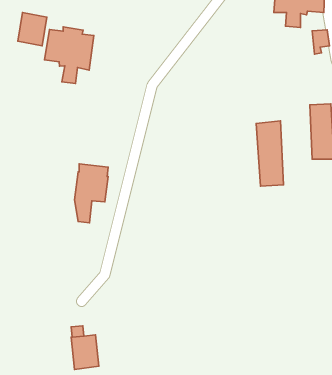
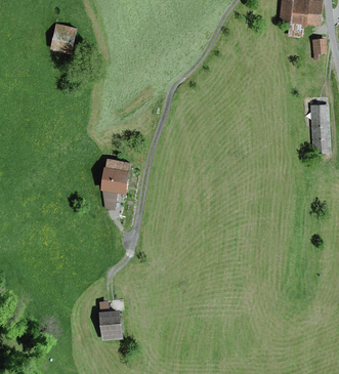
building: [44,27,94,84] -> none
building: [256,121,284,186] -> none

